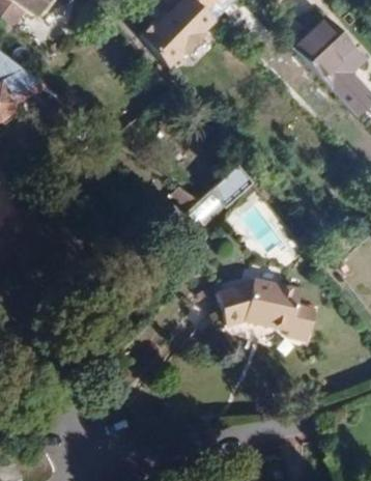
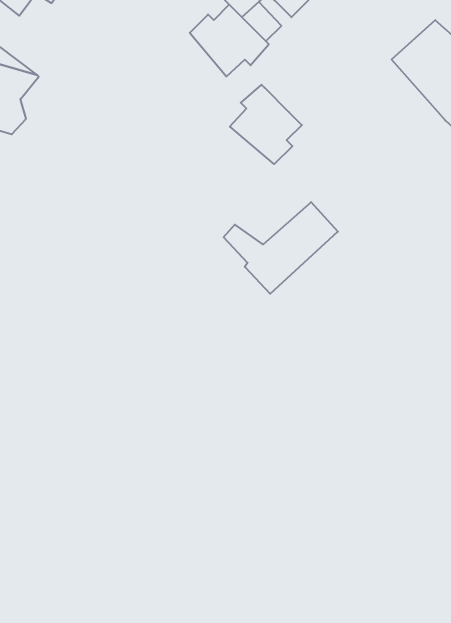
building: none -> [230,85,302,164]
building: [220,272,316,332] -> none

